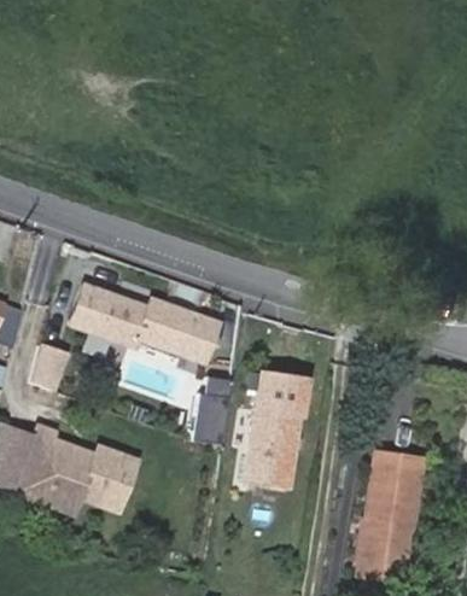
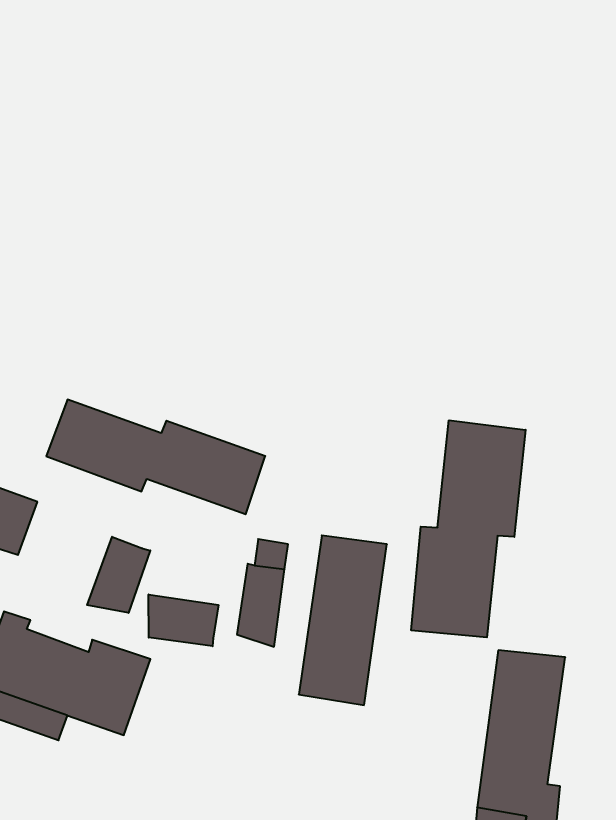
building: none -> [411,420,526,637]
building: none -> [87,537,150,613]
building: none -> [149,594,218,646]

